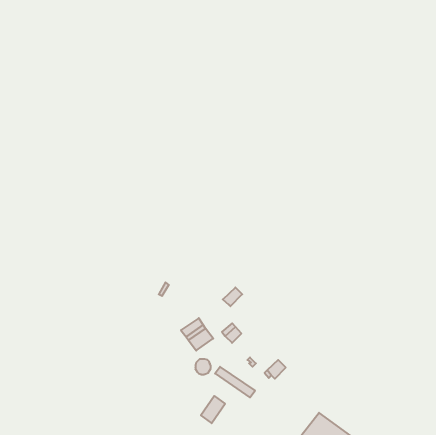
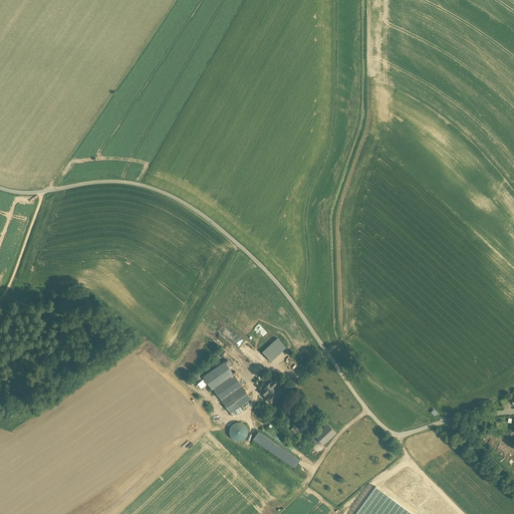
building: none -> [203,362,234,391]
building: [201,396,225,423] -> none

